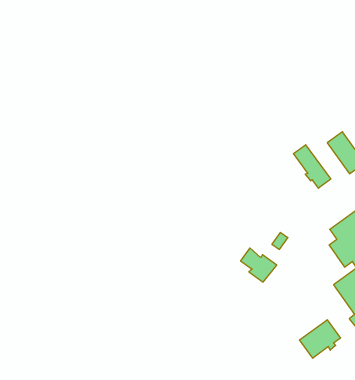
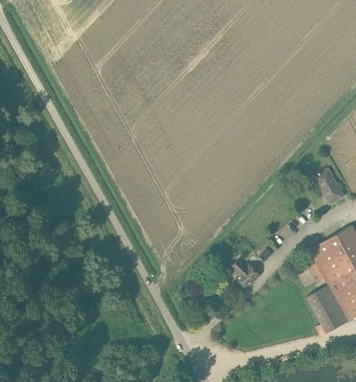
building: [293,145,331,188] -> none
building: [300,320,341,358] -> none

